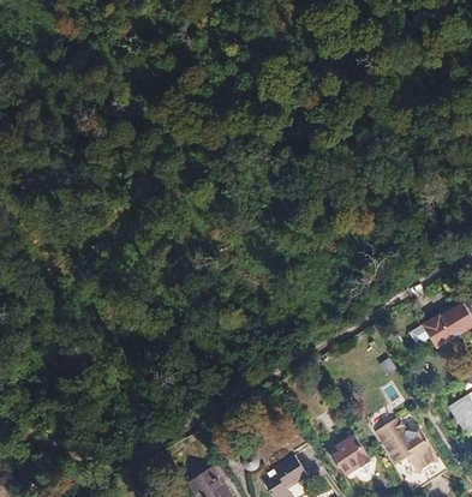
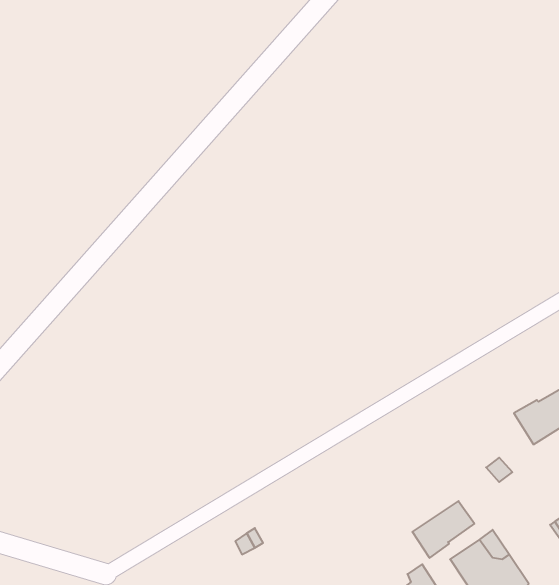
building: none -> [412,501,474,558]

